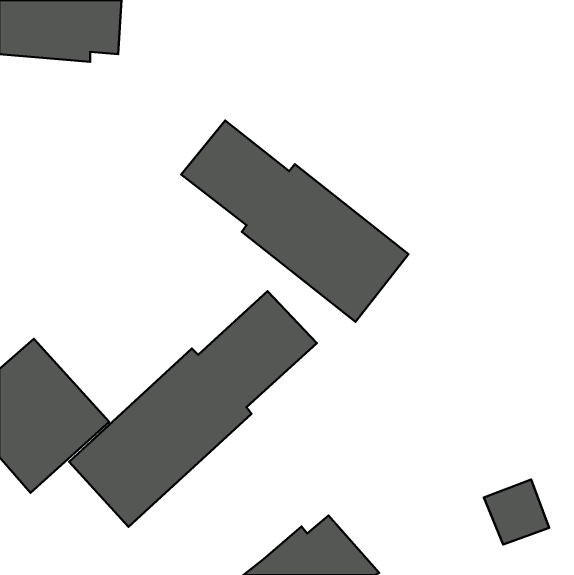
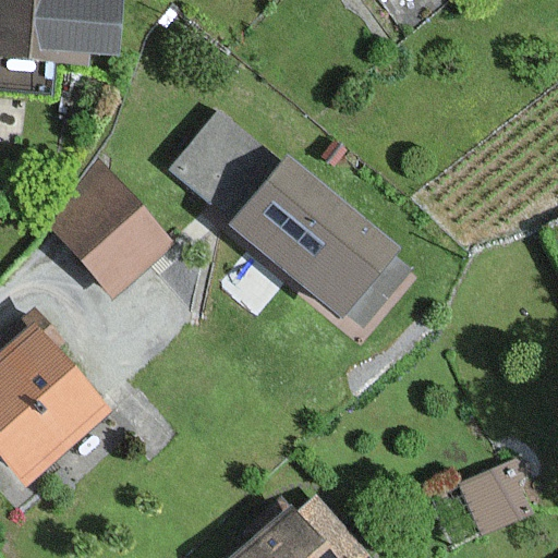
building: none -> [49,169,169,290]
building: [69,291,317,527] -> none

